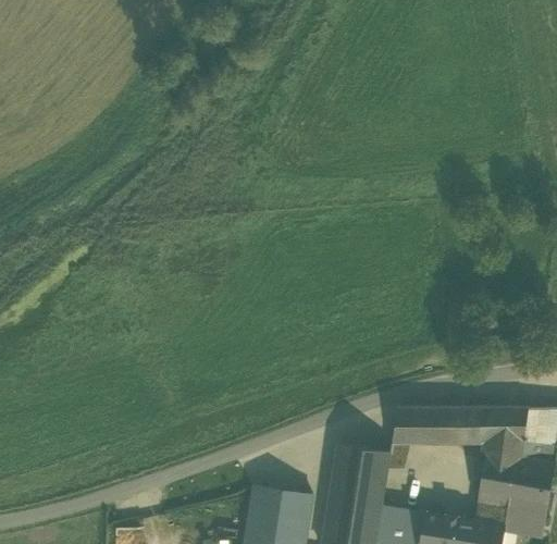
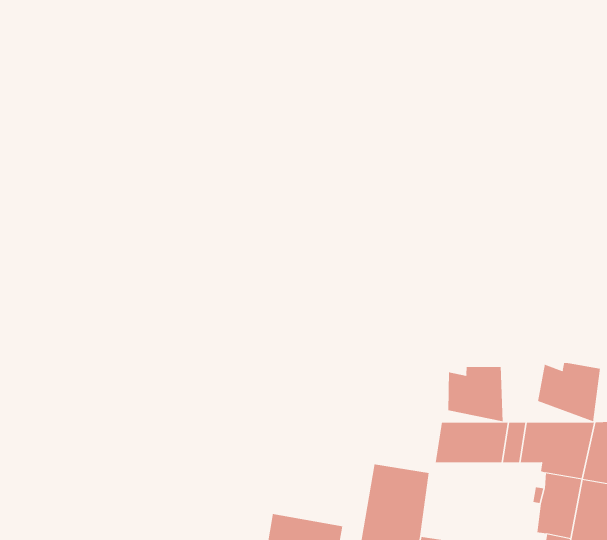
building: none -> [538,362,600,422]
building: none -> [448,366,503,422]

